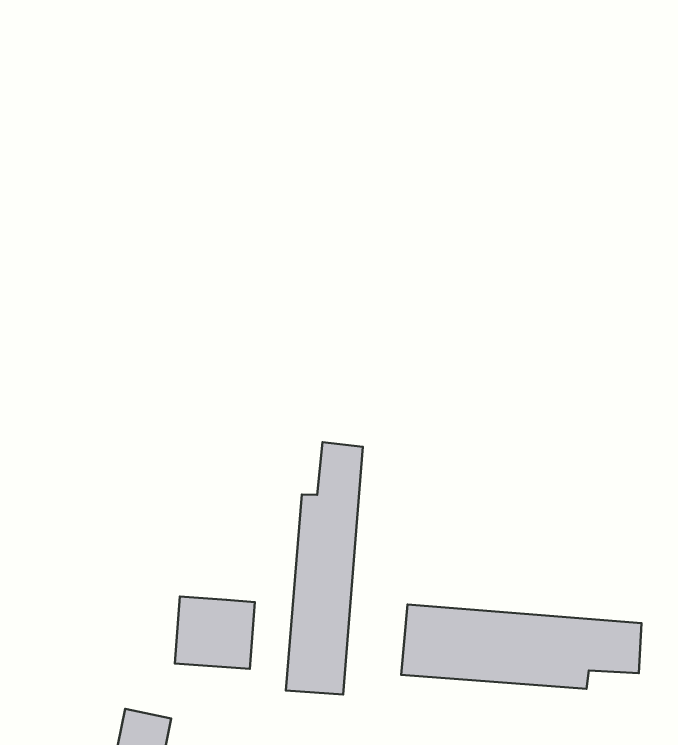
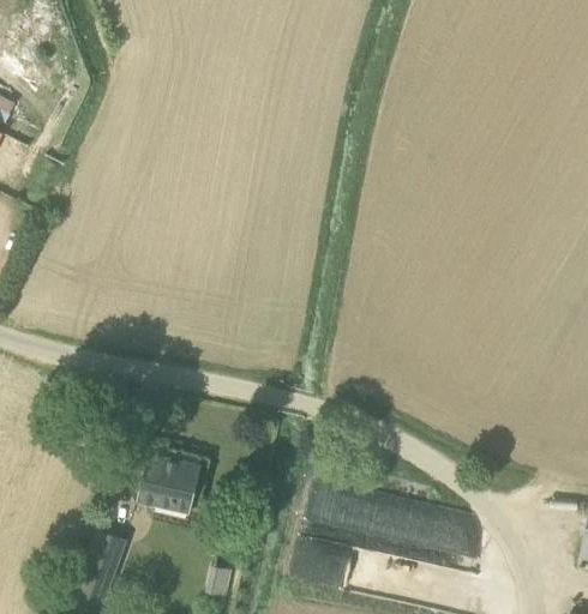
building: [286,442,363,694] -> none

